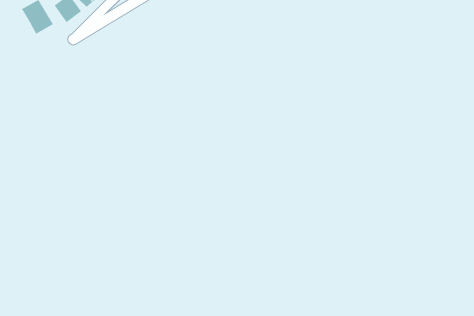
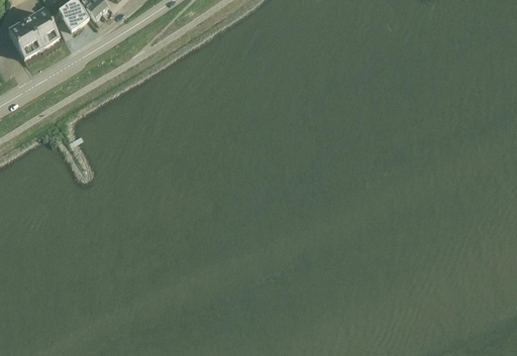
building: none -> [7,16,39,53]

